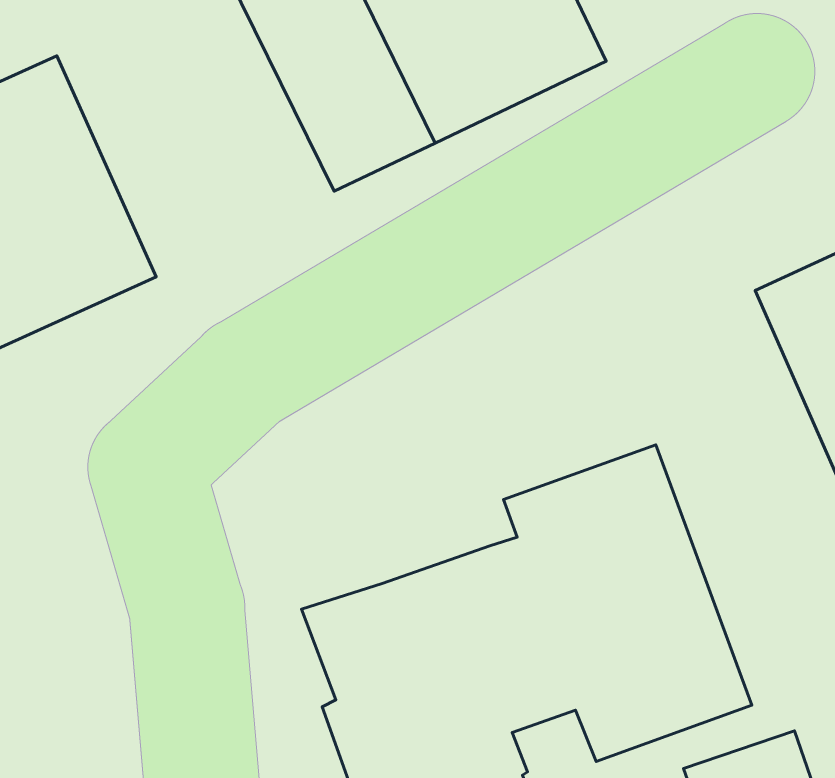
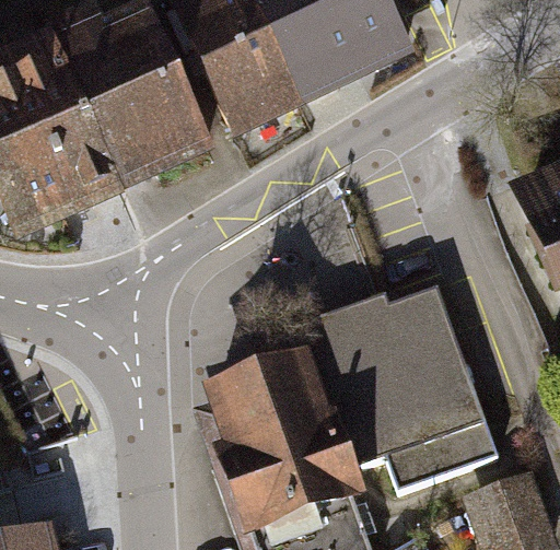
building: none -> [55,16,210,184]

